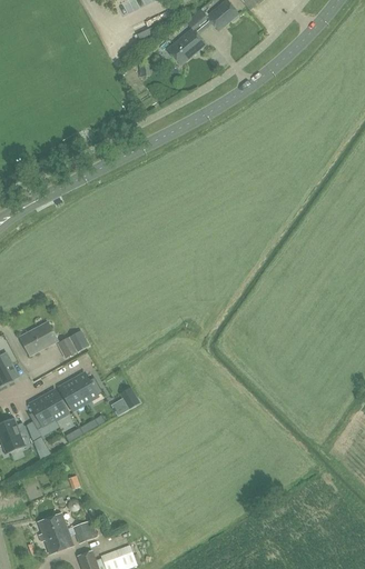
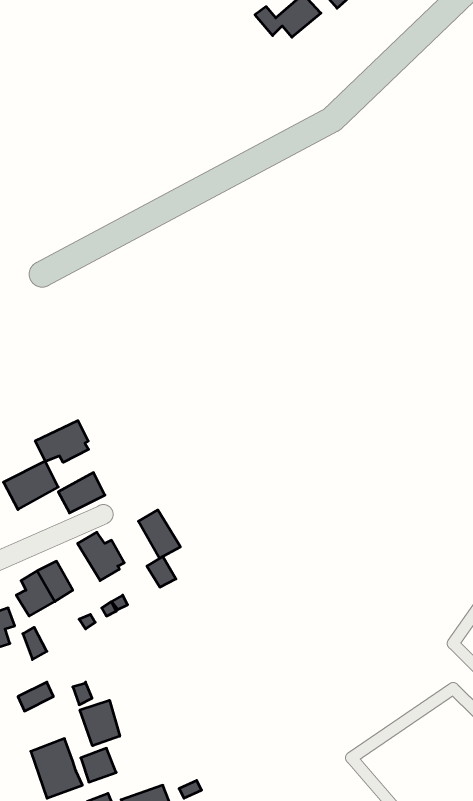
building: [167,13,205,63] -> none
building: none -> [35,421,89,462]
building: [57,378,86,411] -> [138,510,180,558]
building: none -> [80,700,120,746]

